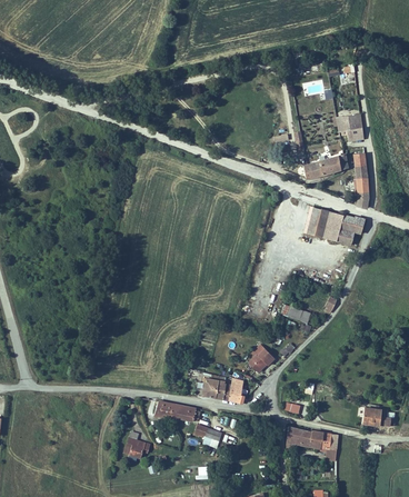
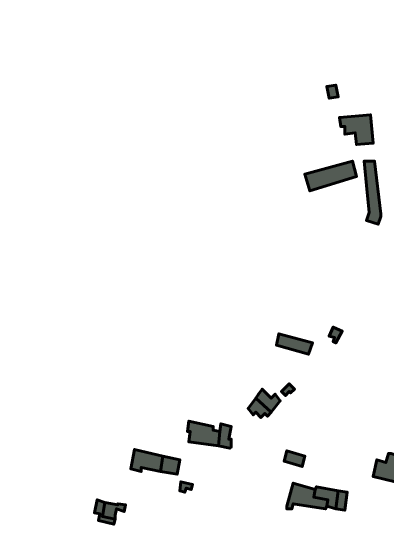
building: [303,202,362,242] -> none

